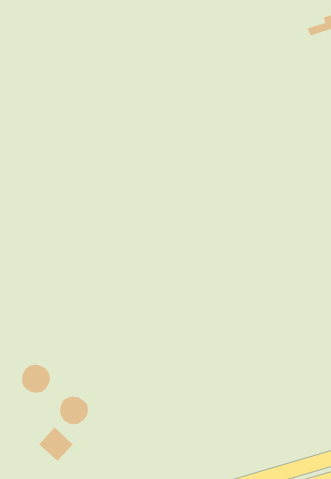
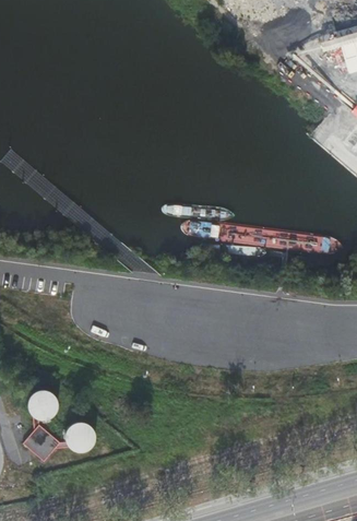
building: [38,427,73,462] -> [23,427,59,463]

